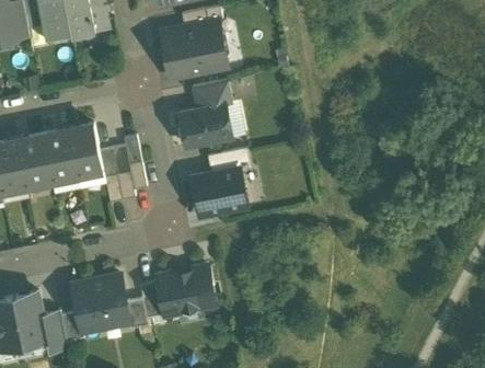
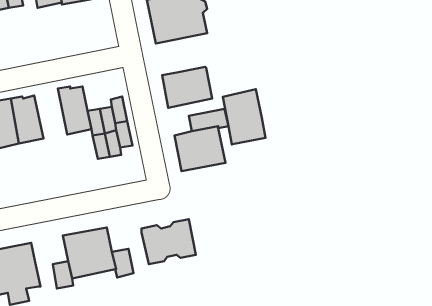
building: [192,82,232,111] -> none
building: [42,128,77,182] -> none
building: none -> [223,89,265,145]
building: [140,283,164,321] -> none
building: [43,311,68,354] -> none

